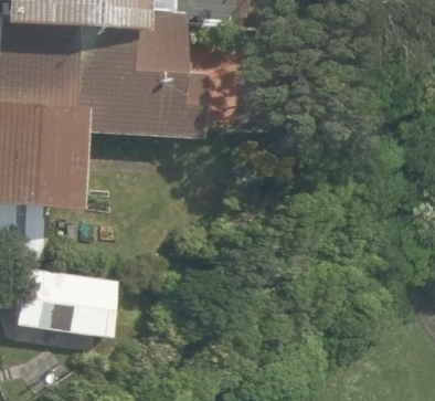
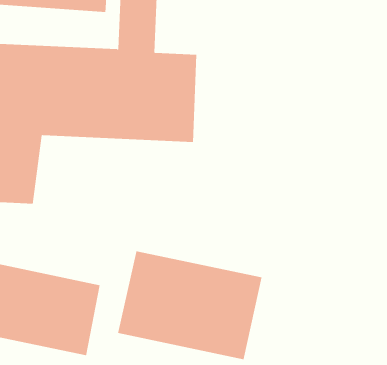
building: none -> [117,250,262,360]

